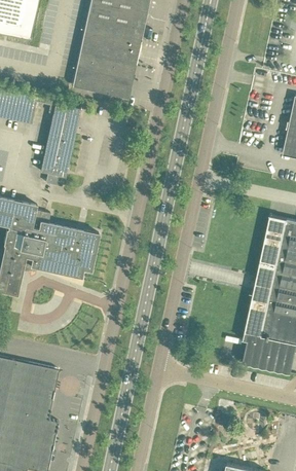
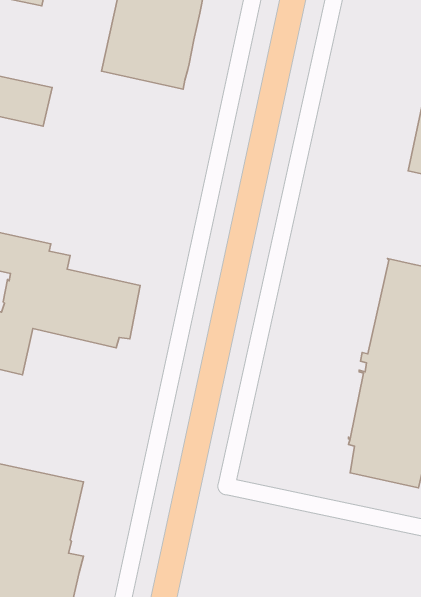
building: [40,100,80,186] -> none

